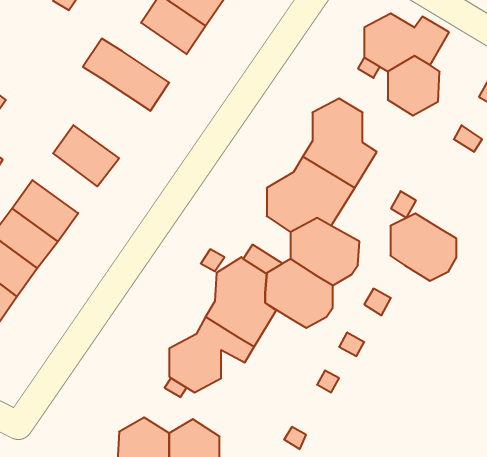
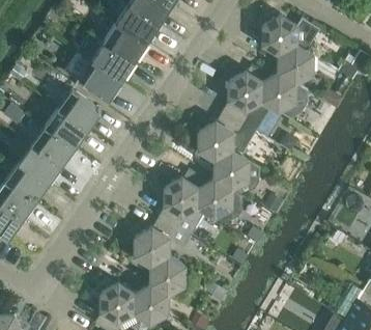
building: none -> [104,22,146,61]
building: none -> [65,51,122,100]
building: none -> [45,108,87,147]
building: [390,213,456,281] -> [262,73,306,117]
building: none -> [150,256,186,295]

